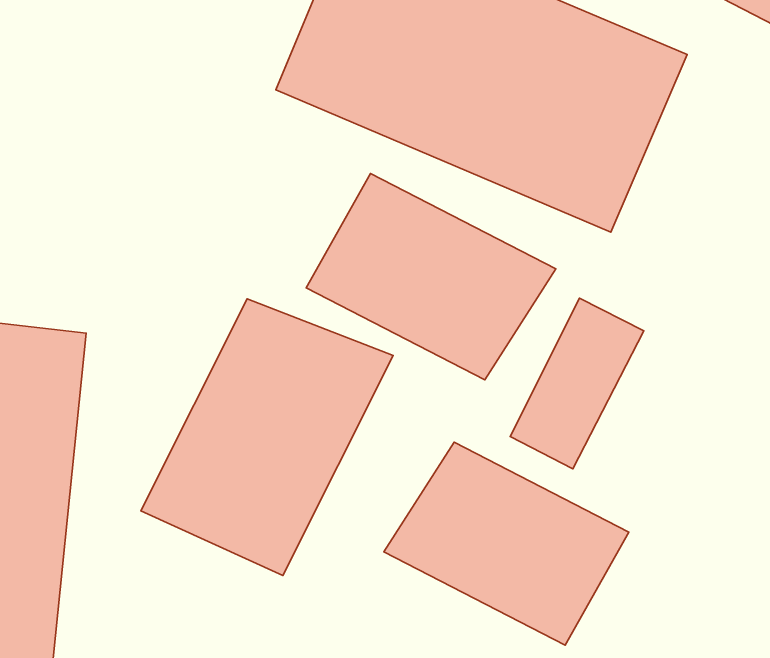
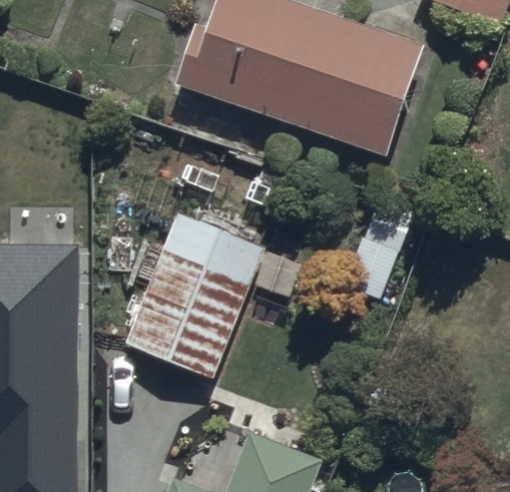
building: [306,173,556,380] -> none
building: [384,442,629,645] -> none

